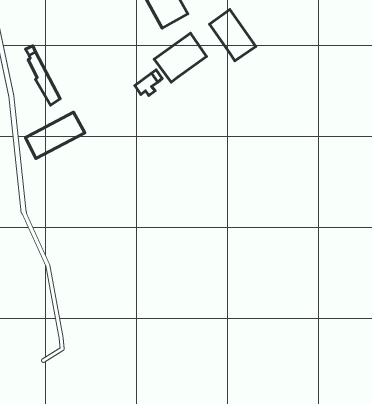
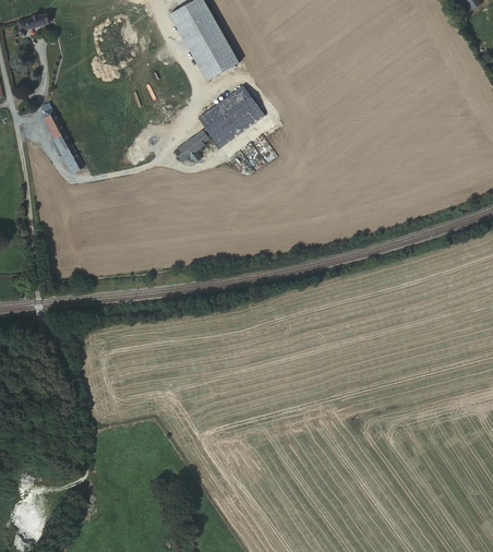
building: [210,10,256,61] -> none
building: [25,112,85,159] -> none

